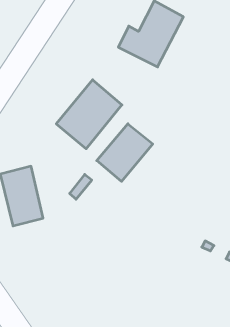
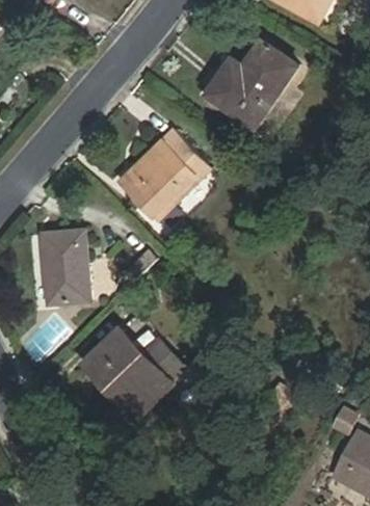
building: [97,124,153,181] -> none
building: none -> [78,324,187,416]

